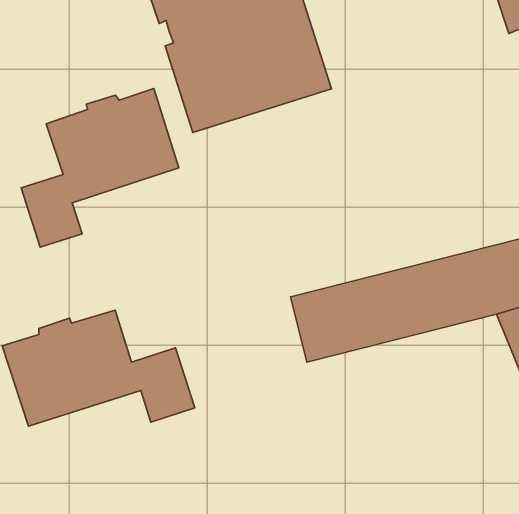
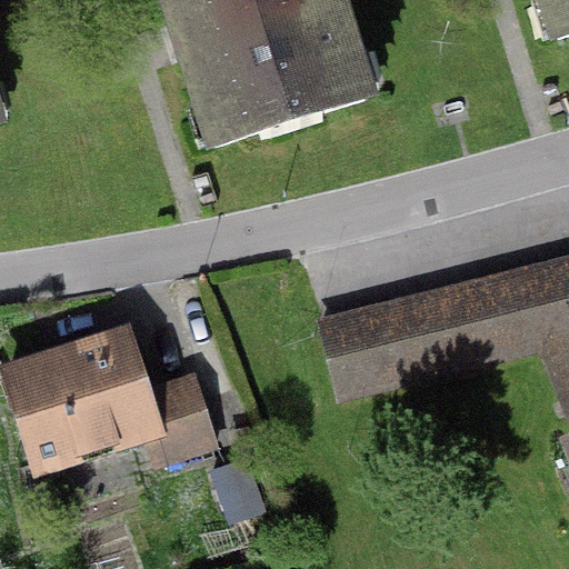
building: [21,88,179,247] -> none

